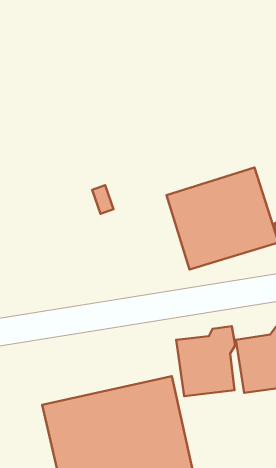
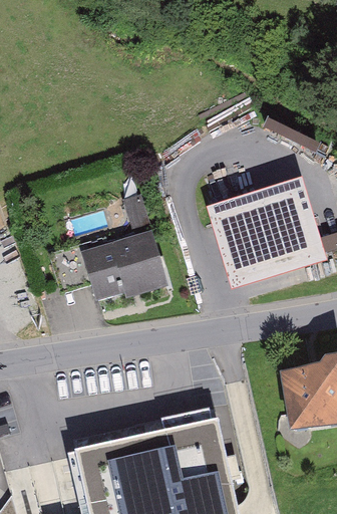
building: none -> [85,234,163,297]
building: [176,326,235,396] -> none

